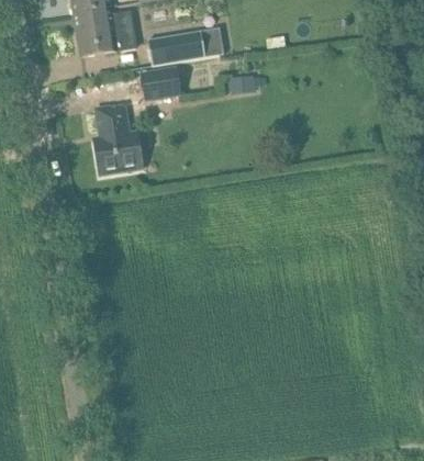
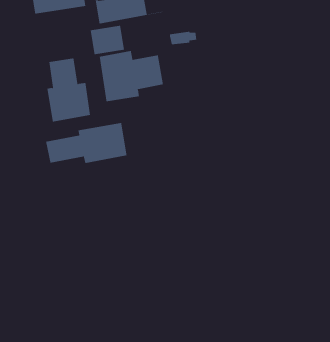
building: none -> [99,50,164,102]
building: none -> [45,122,127,164]

